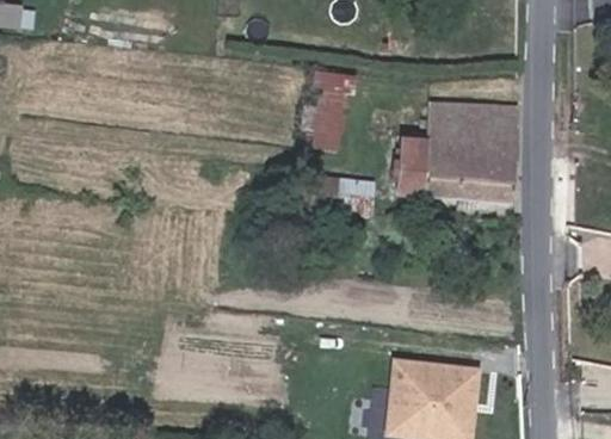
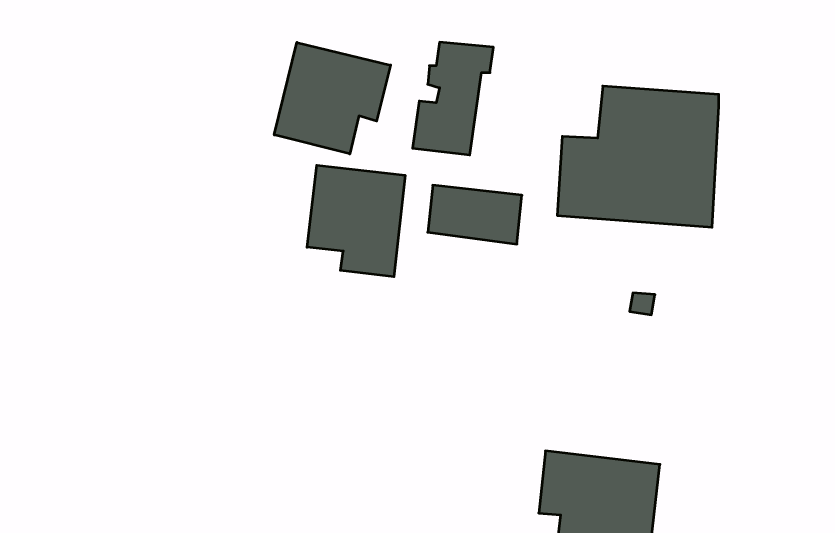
building: none -> [274,42,391,154]
building: none -> [307,165,405,277]

